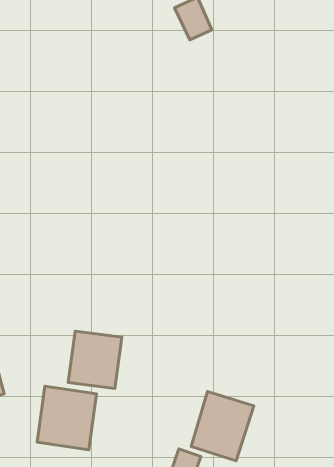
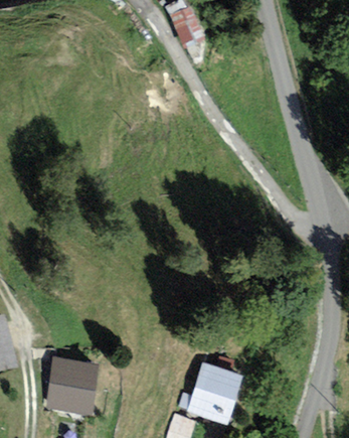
building: [68,331,122,388] -> none

